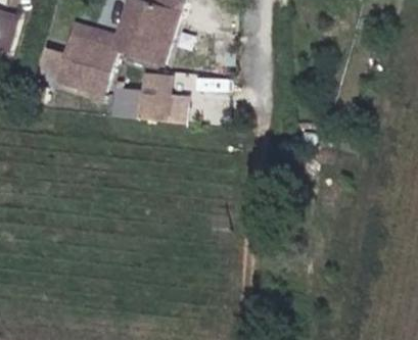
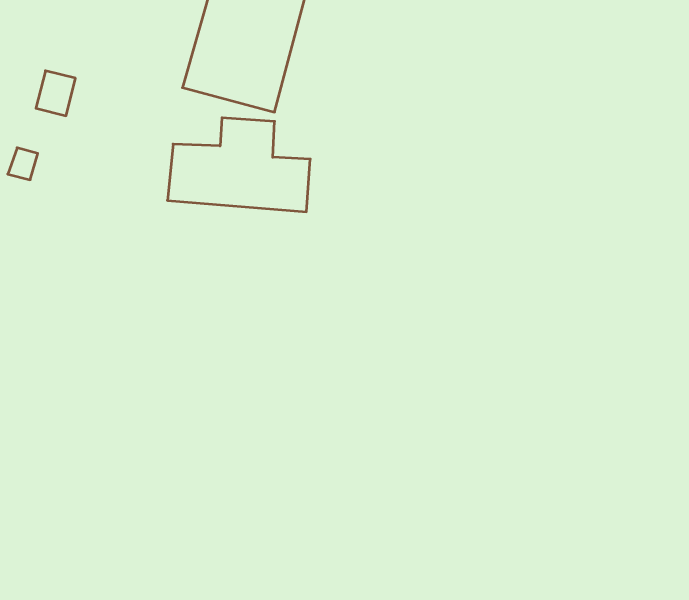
building: [62,36,119,100] -> none

